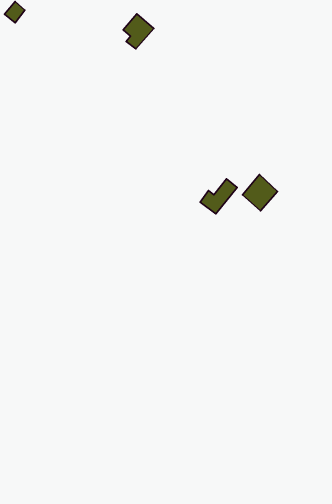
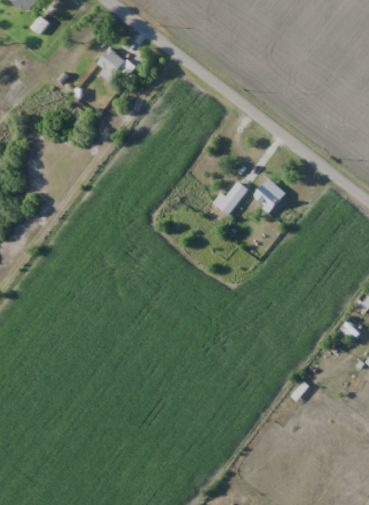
building: [123,14,154,49] -> [97,48,126,81]

